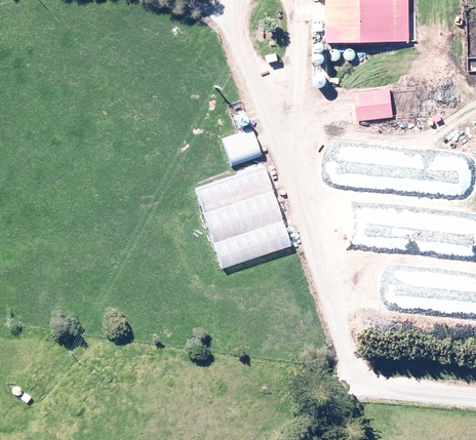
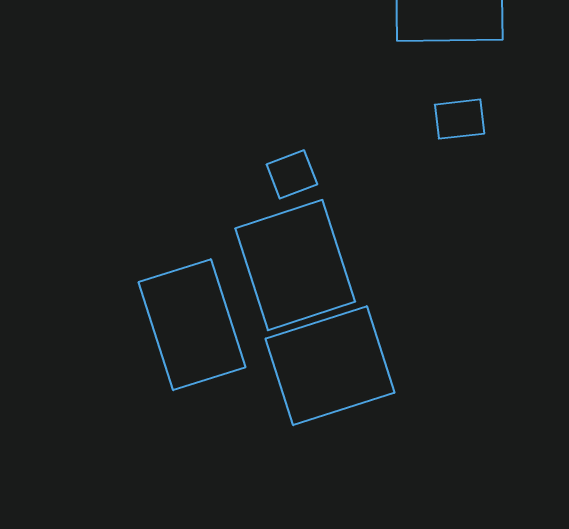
building: none -> [139,259,245,390]
building: none -> [266,306,394,425]

